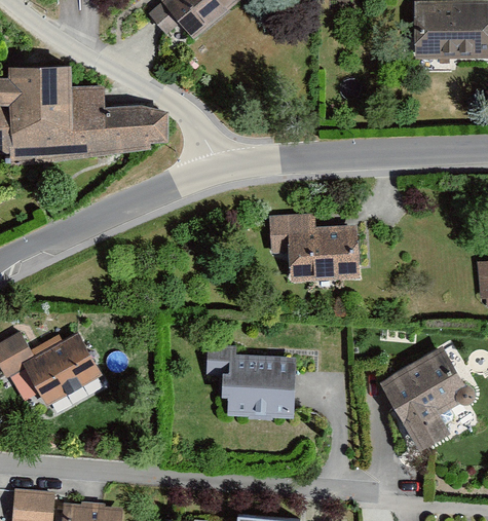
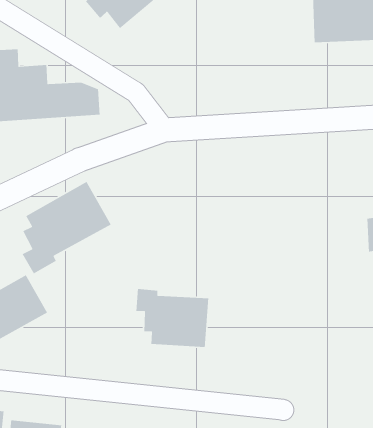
building: [271,213,356,283] -> none
building: none -> [22,181,112,275]
building: [378,345,473,452] -> none

